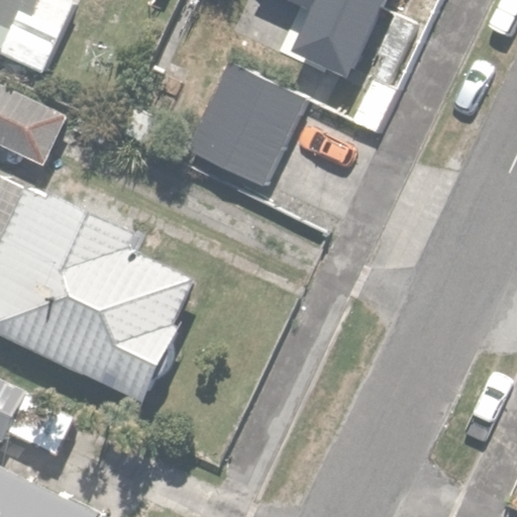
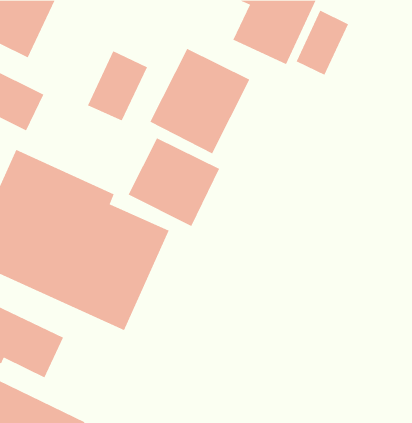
building: none -> [128,137,220,227]

